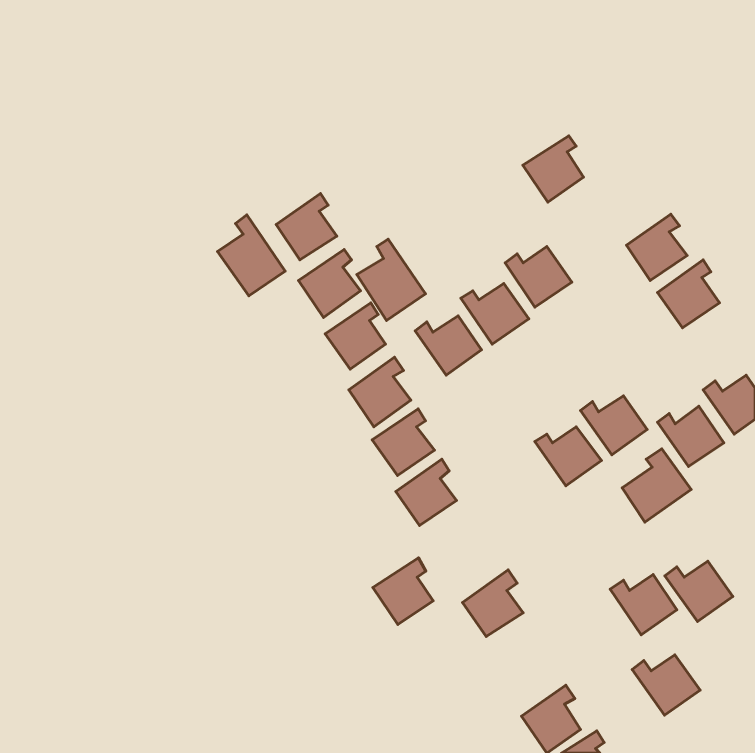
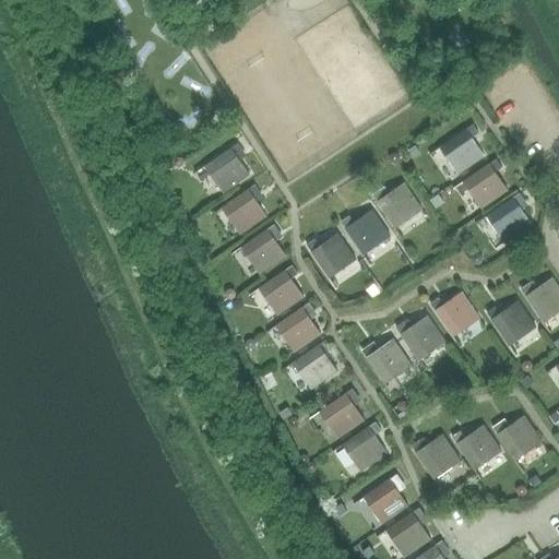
building: [523,136,583,202] -> [439,124,484,174]
building: [218,215,285,296] -> none
building: [357,239,425,320] -> none
building: [622,449,691,522] -> none
building: none -> [361,338,411,383]
building: [373,558,433,624] -> [319,389,364,438]
building: none -> [362,475,406,523]
building: [632,655,700,715] -> [409,435,460,479]

